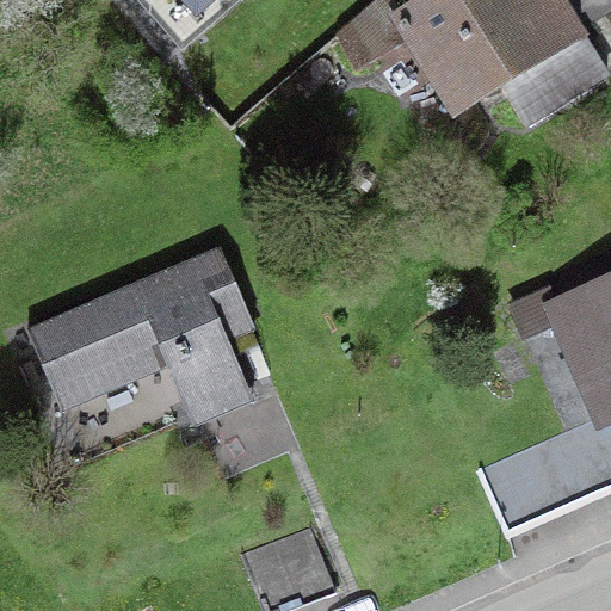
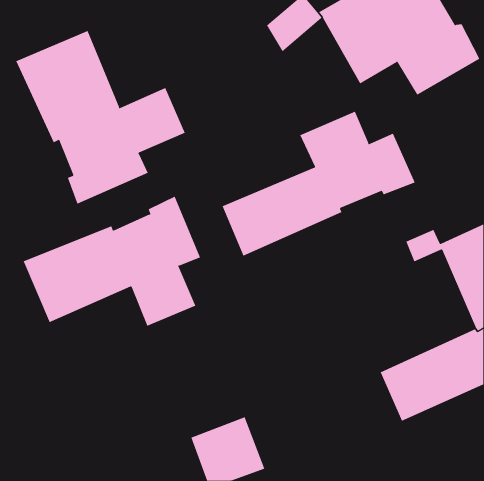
building: none -> [16,30,186,204]
building: none -> [222,111,415,257]

